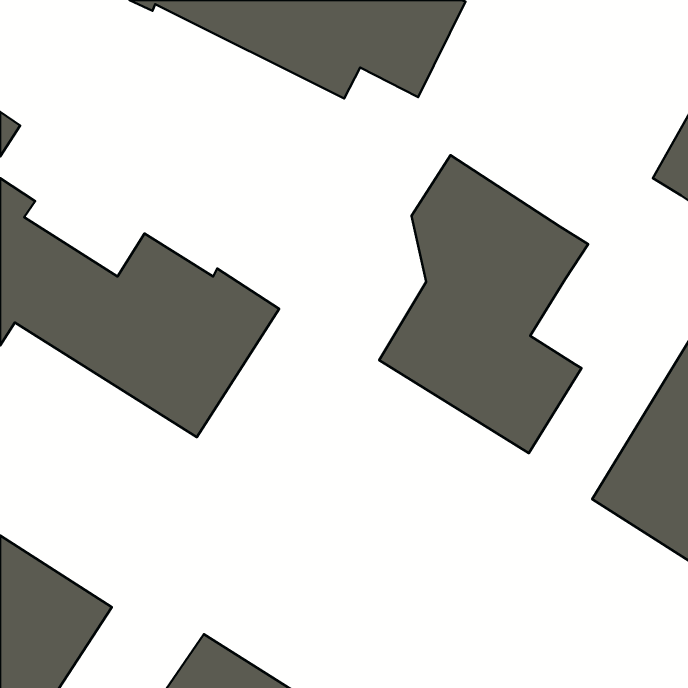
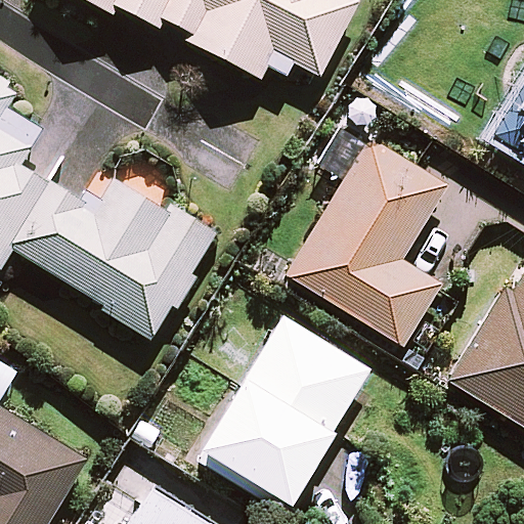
building: none -> [205,318,369,500]

